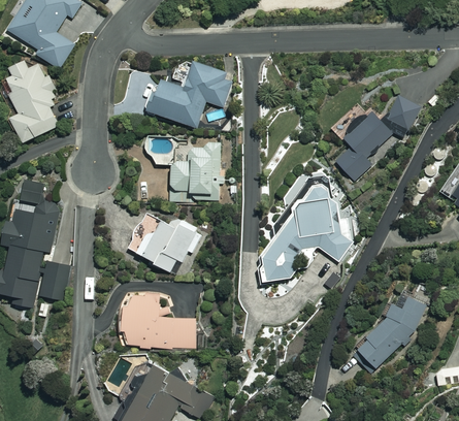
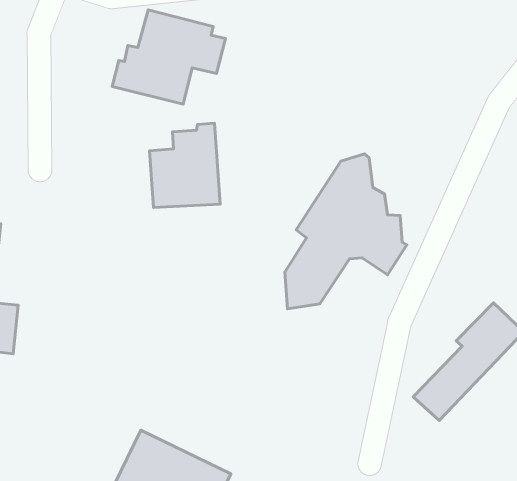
building: [336,96,421,184] -> none
building: [128,214,198,272] -> none
building: [123,294,196,350] -> none

